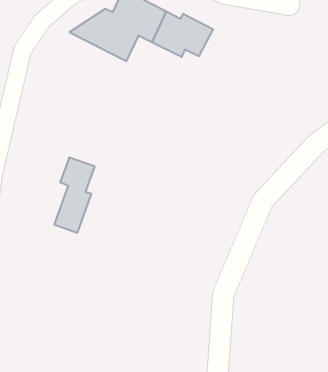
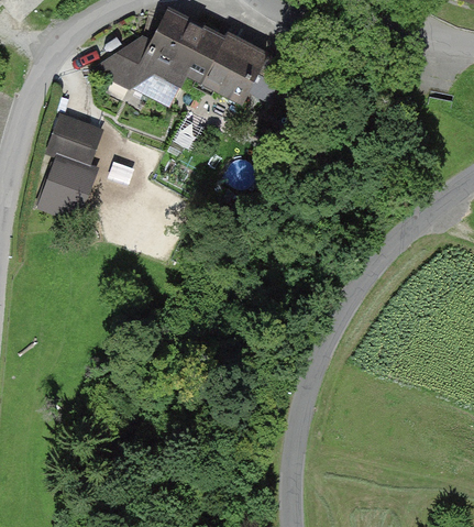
building: [54,157,95,233] -> [44,116,98,216]

